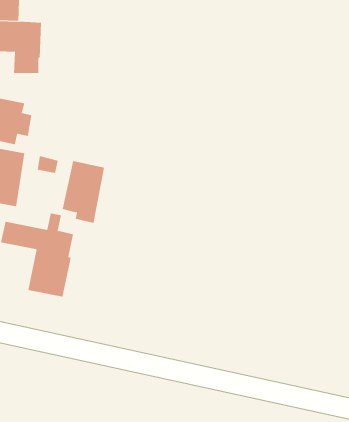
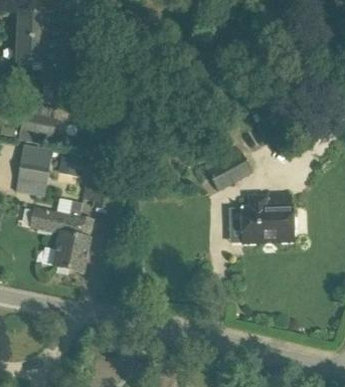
building: none -> [206,151,250,190]
building: none -> [240,195,292,243]

